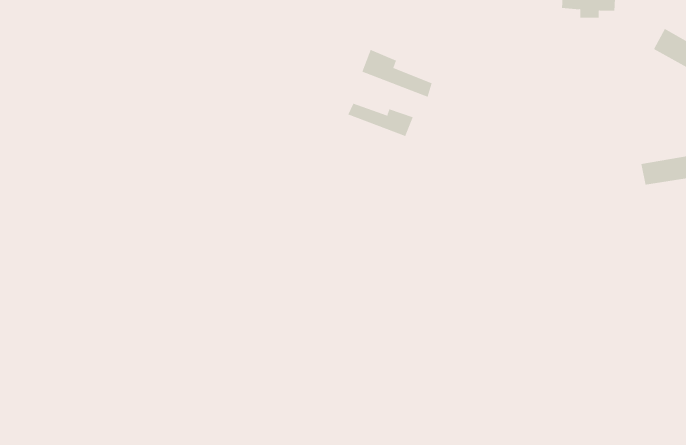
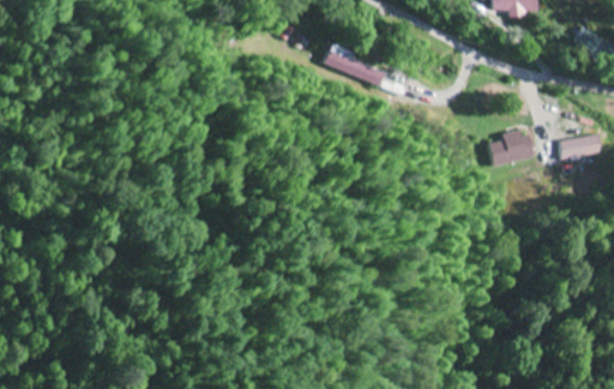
building: [347,103,413,137] -> none
building: none -> [488,130,534,168]

